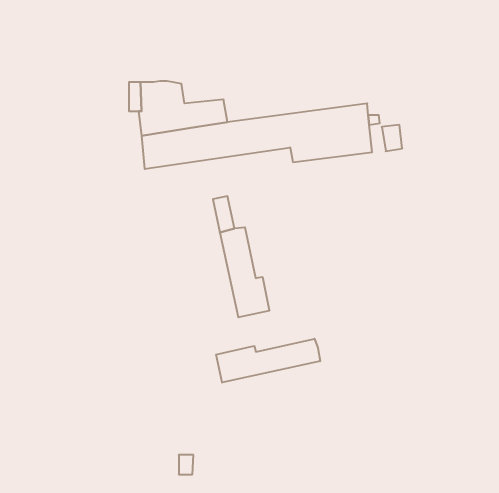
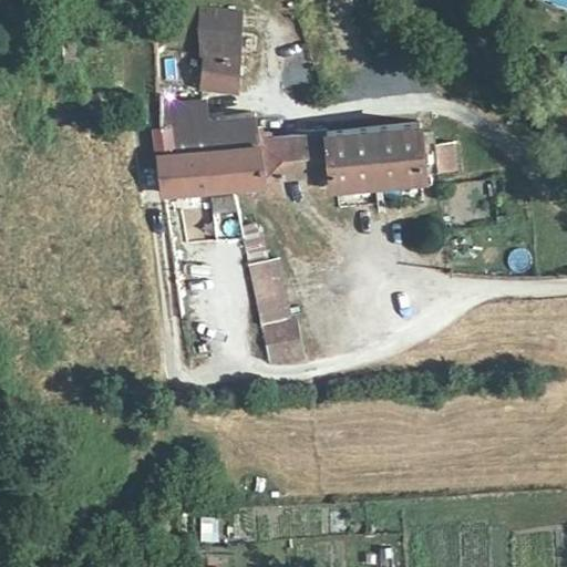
building: none -> [199,16,240,94]
building: [216,339,320,383] -> none

